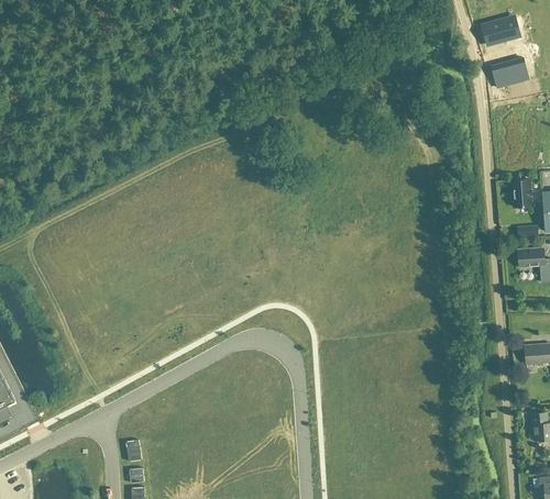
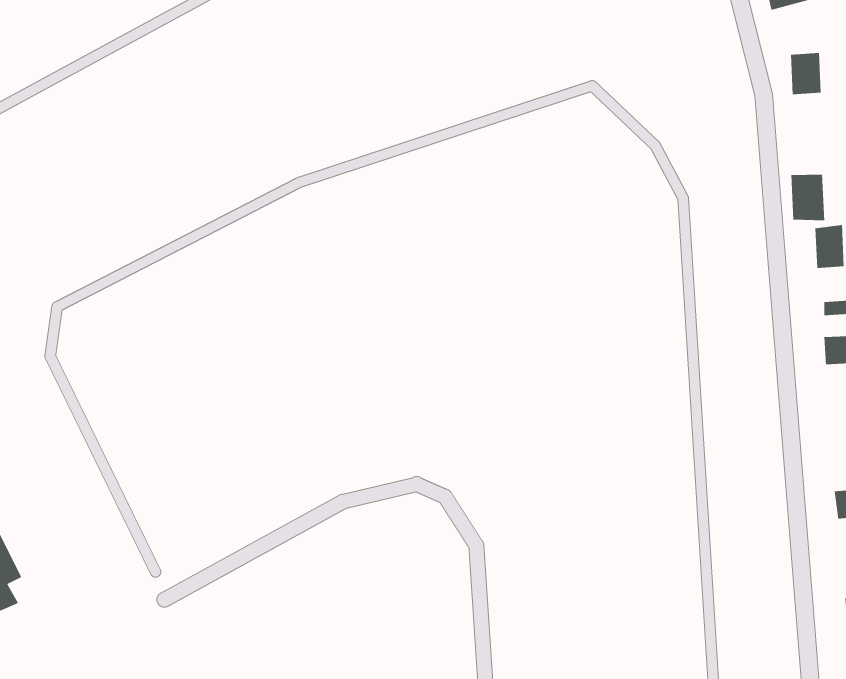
building: none -> [791,174,825,221]

